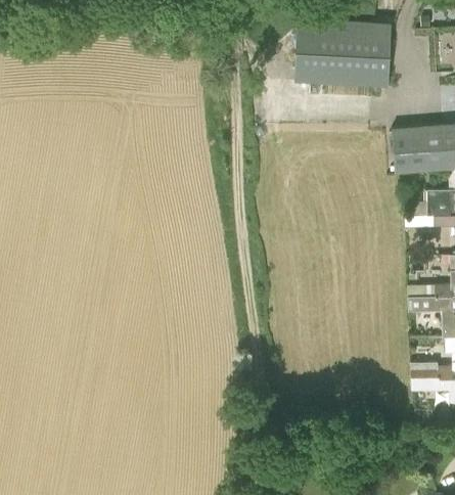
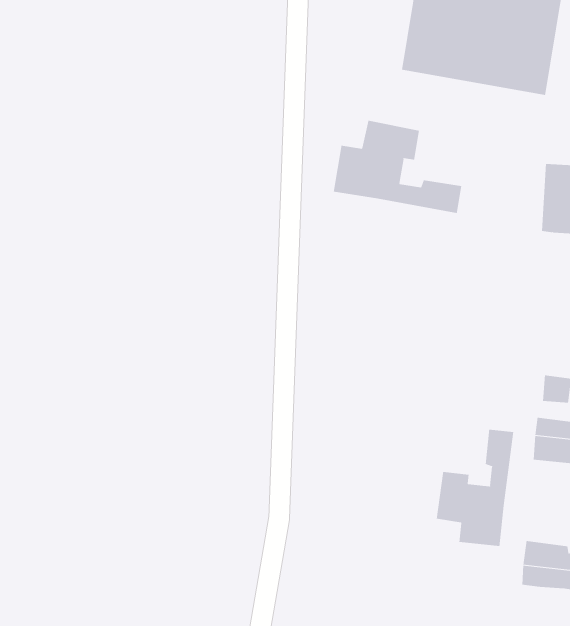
building: none -> [333,120,462,214]
building: none -> [436,429,514,547]

